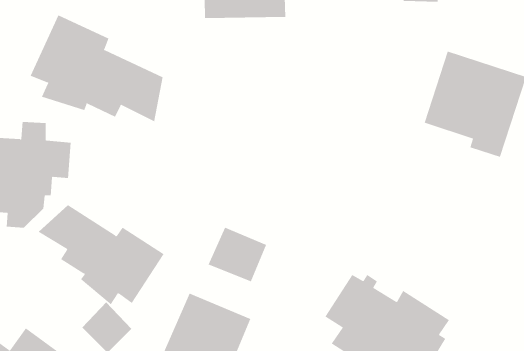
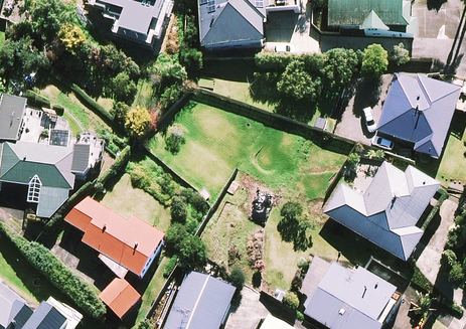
building: [30,15,163,122] -> none
building: none -> [322,158,441,264]
building: [208,227,267,282] -> none

